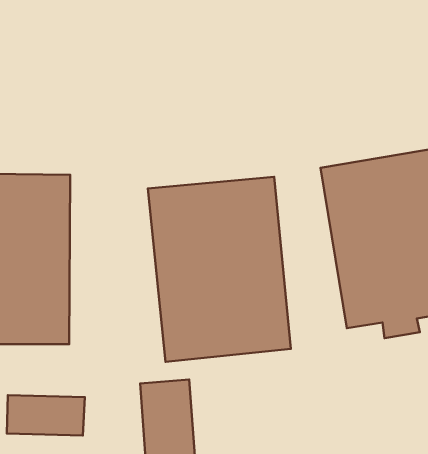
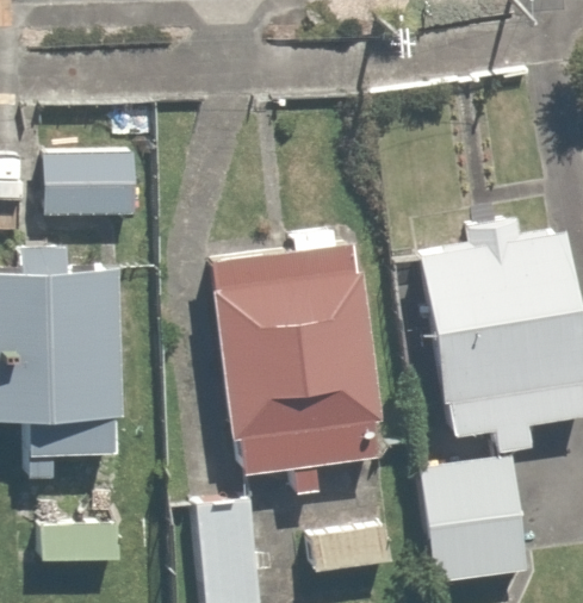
building: none -> [44,135,132,231]
building: none -> [418,455,531,578]

